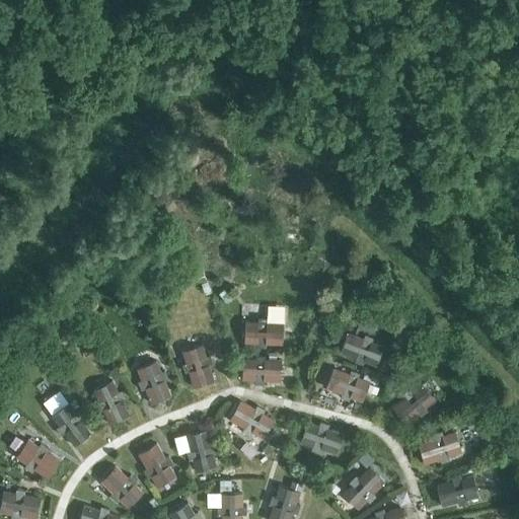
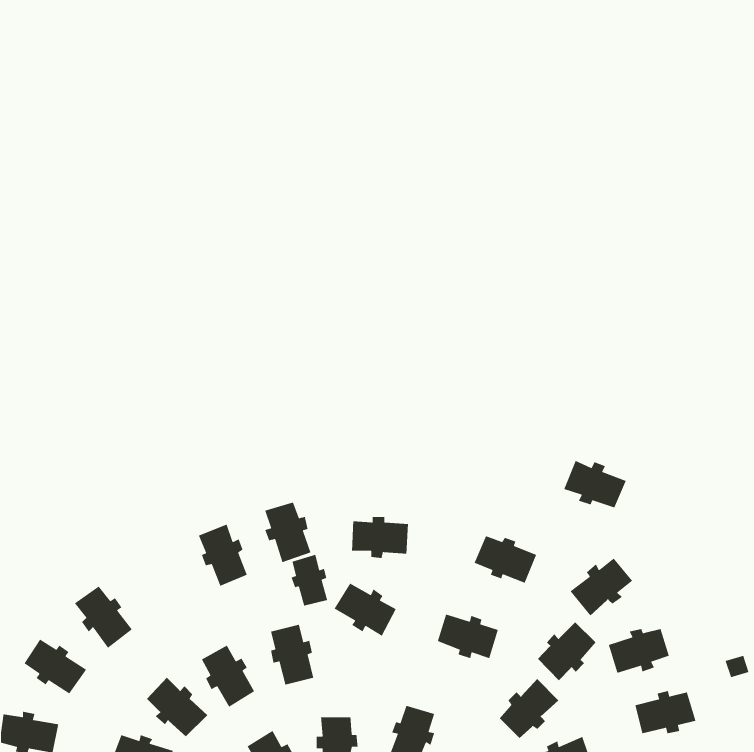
building: [243,318,283,348] -> none
building: [340,332,383,366] -> [563,460,627,509]
building: [93,381,129,425] -> none
building: none -> [290,554,328,607]
building: none -> [537,621,596,681]

